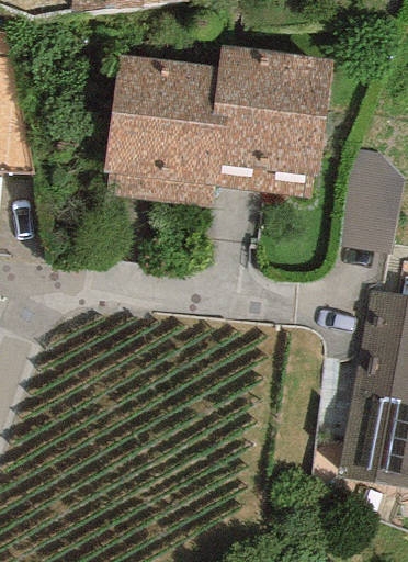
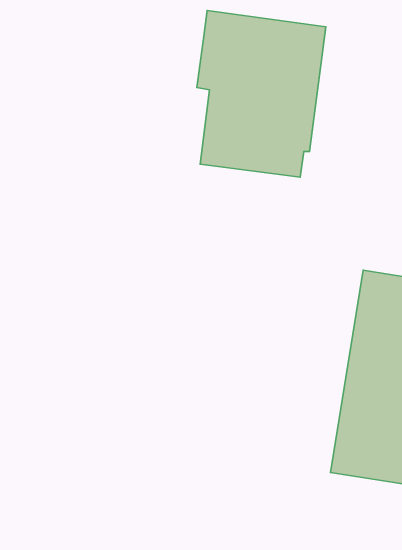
building: [102,54,222,205] -> none

